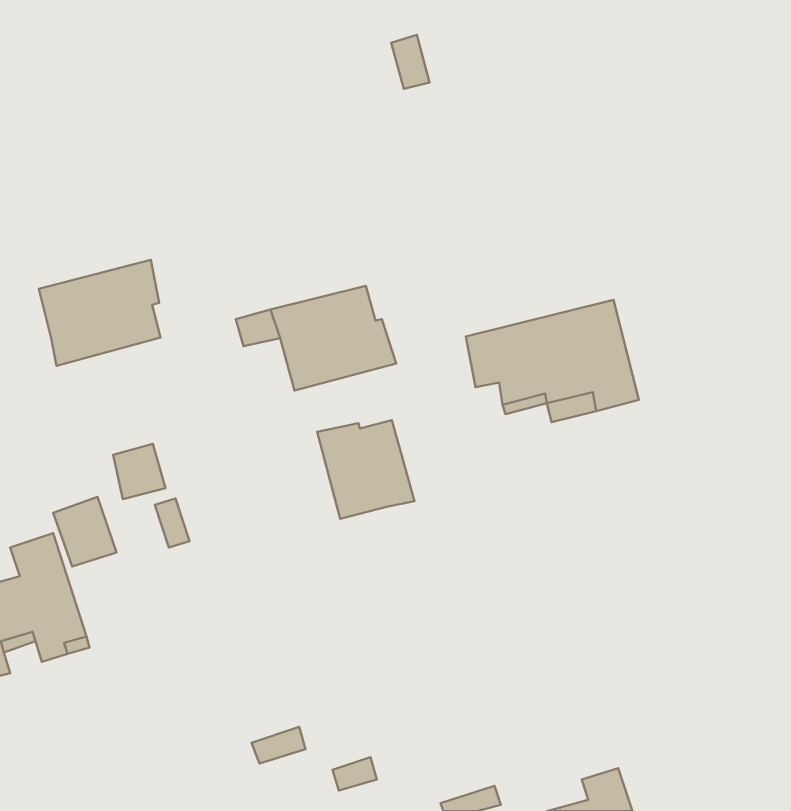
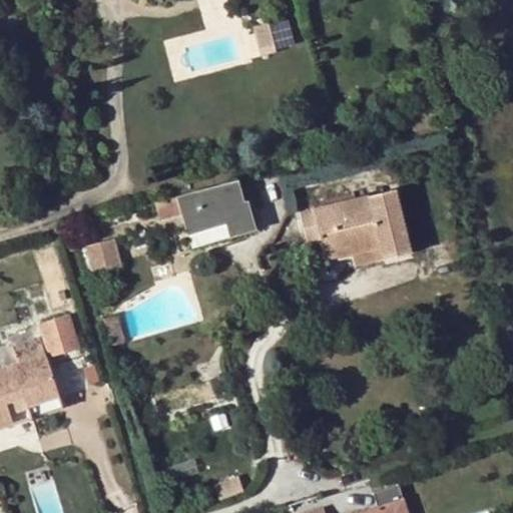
building: [39,260,161,366] -> none
building: [317,420,415,519] -> none
building: [113,444,166,499] -> [85,237,118,273]

